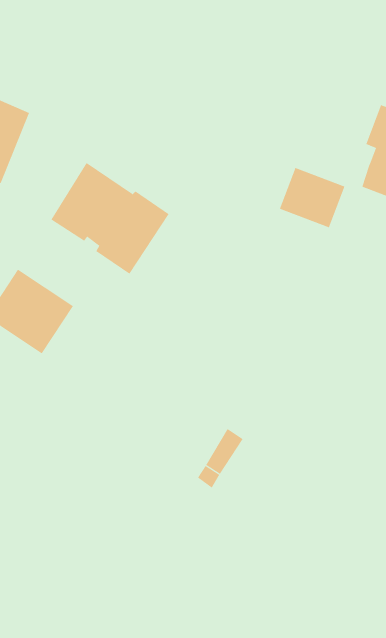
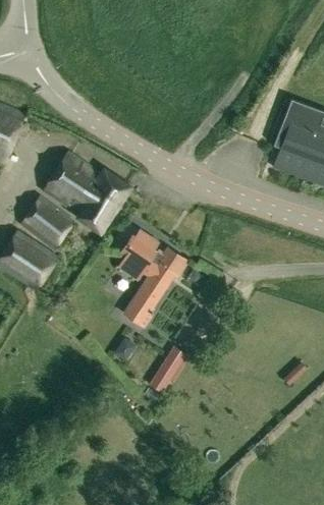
building: [279,167,345,228] -> none
building: none -> [20,194,74,249]
building: none -> [118,230,183,326]

